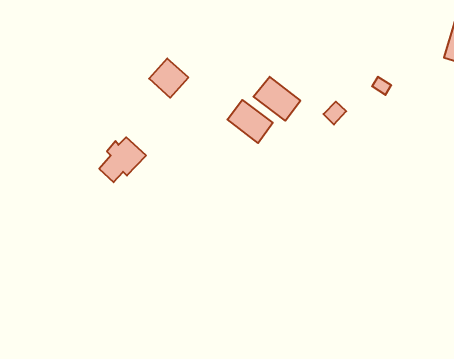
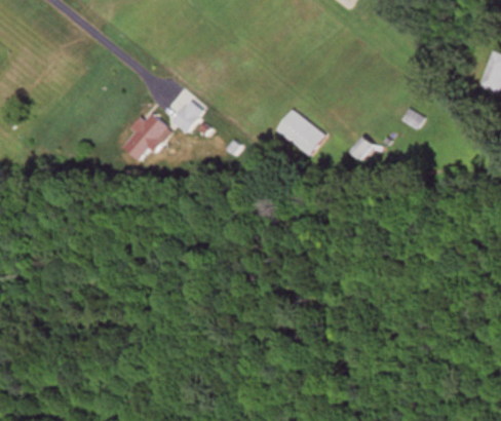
building: [227,100,273,143] -> none
building: [99,137,146,182] -> [123,112,174,160]

